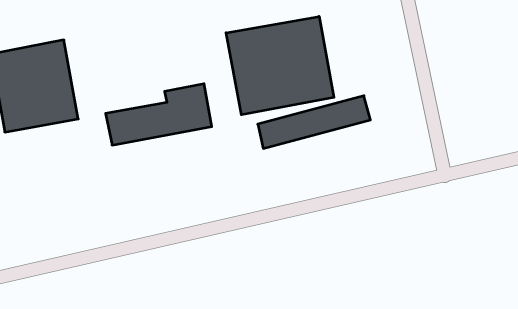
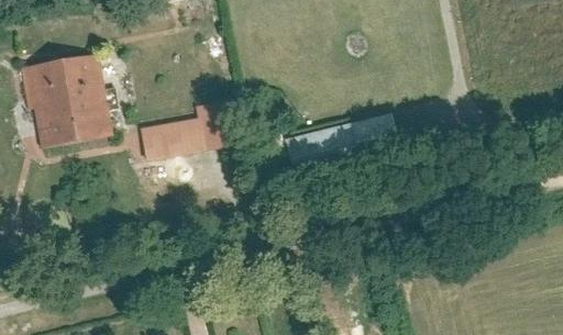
building: [226,16,334,115] -> none

